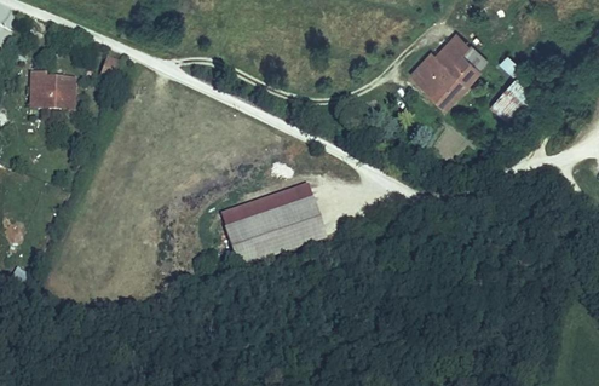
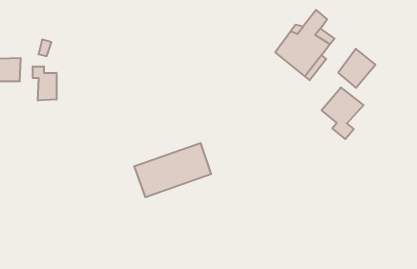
building: none -> [33,66,56,101]
building: none -> [322,87,364,139]

